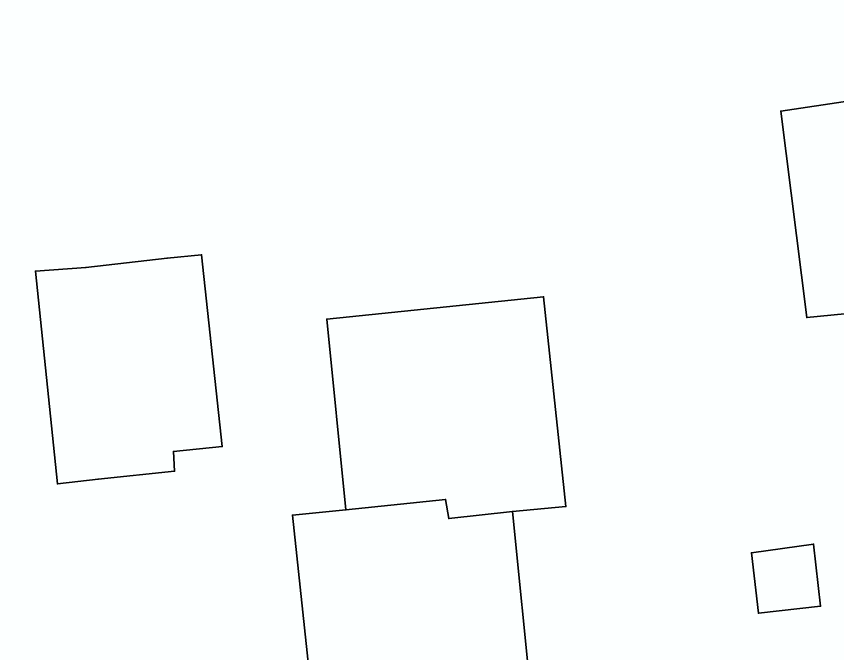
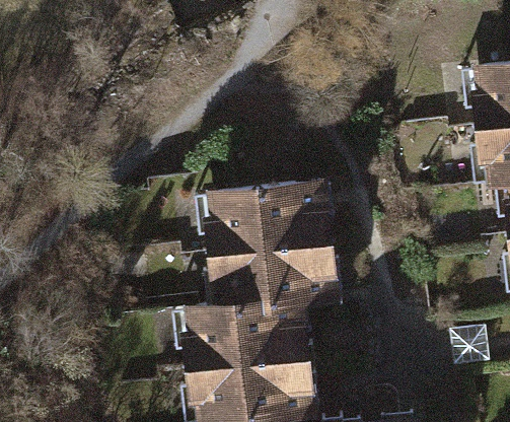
building: [35,255,222,484] -> none

